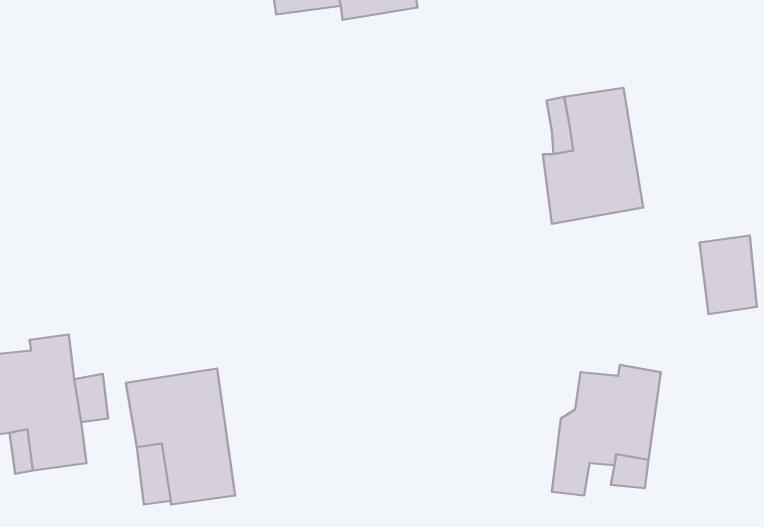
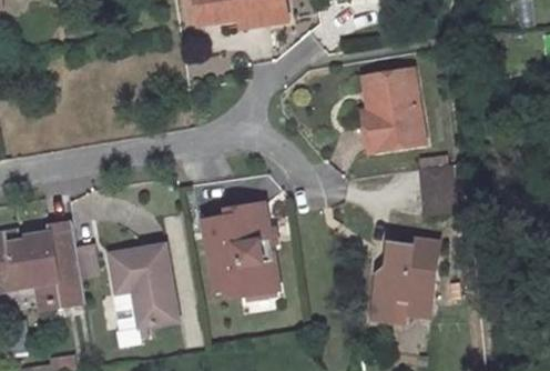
building: [700,235,757,314] -> [421,166,457,214]
building: none -> [207,205,275,292]

